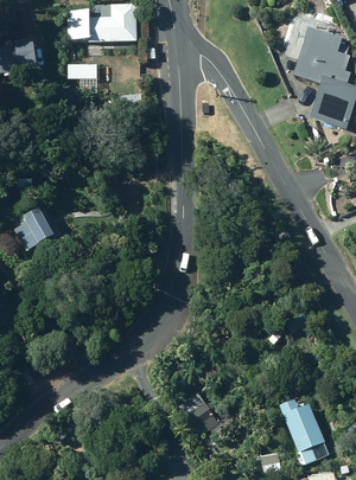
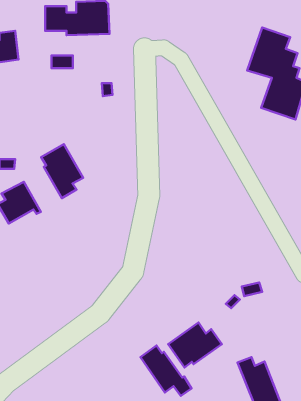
building: none -> [41,144,83,198]
building: none -> [168,323,222,368]

